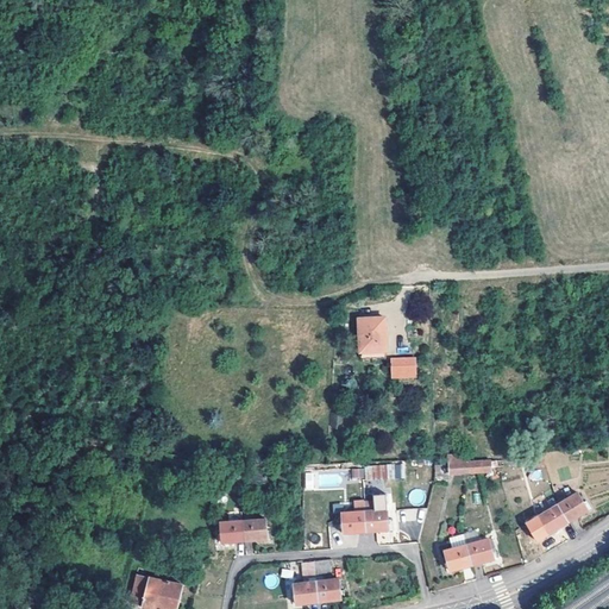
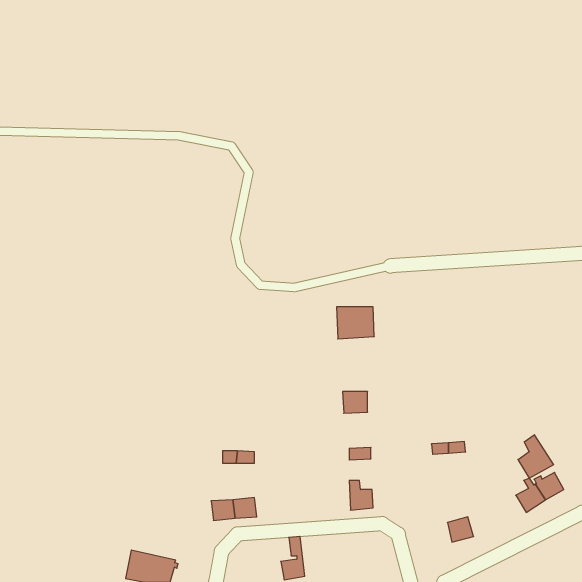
building: [389,356,415,378] -> [343,392,368,413]
building: none -> [518,435,554,478]
building: [341,500,365,533] -> none
building: [444,534,471,571] -> none
building: [313,558,341,601] -> none

